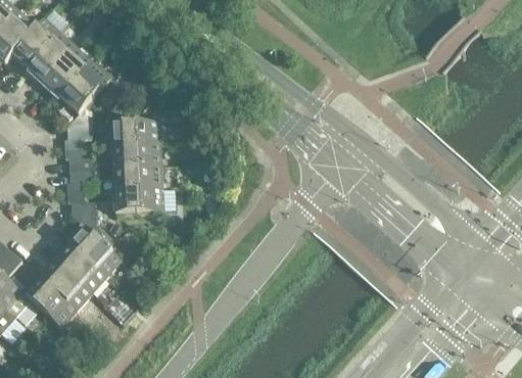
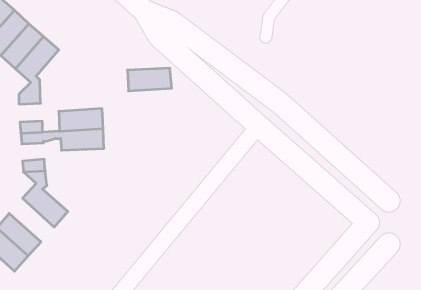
building: [110,121,160,146] -> [127,68,172,91]
building: [114,188,163,214] -> none
building: [55,244,106,304] -> none

